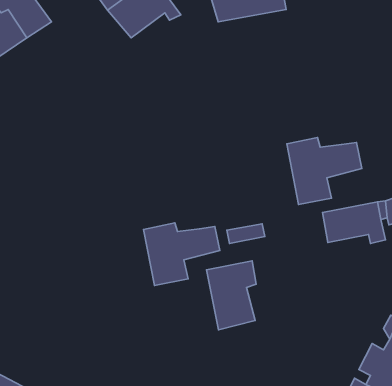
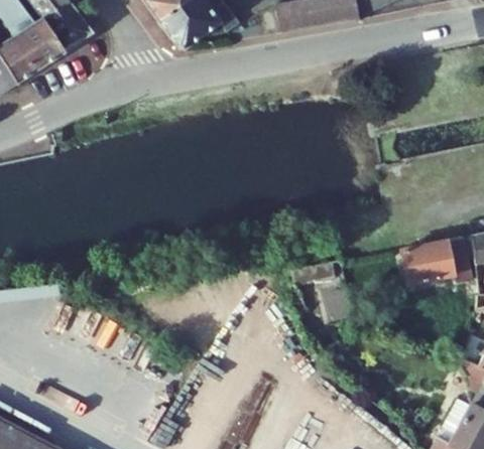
building: [287,138,362,205] -> none
building: [143,223,220,285] -> none
building: [207,261,256,330] -> none

